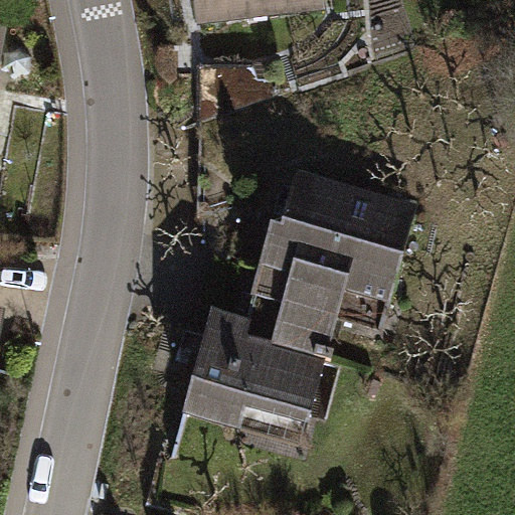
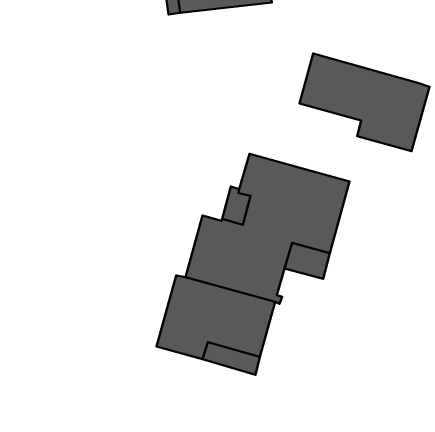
building: none -> [300,54,429,151]

